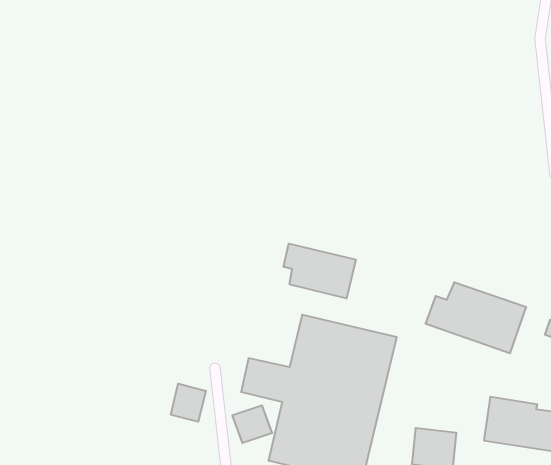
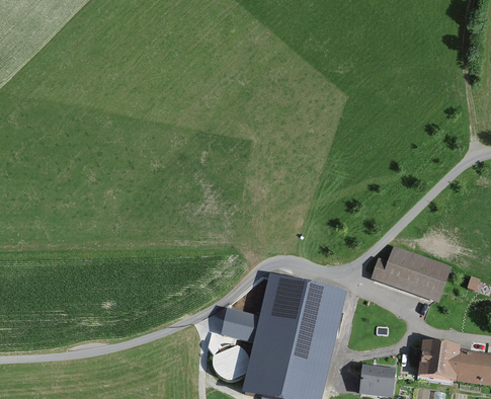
building: [284,244,356,299] -> none
building: [171,384,206,422] -> none

